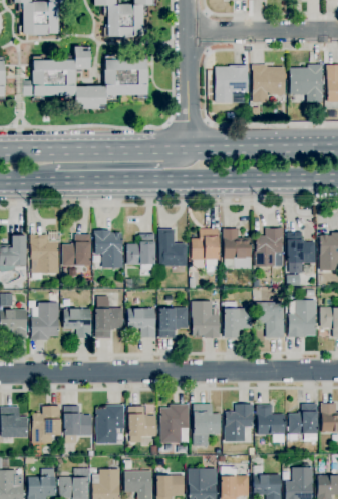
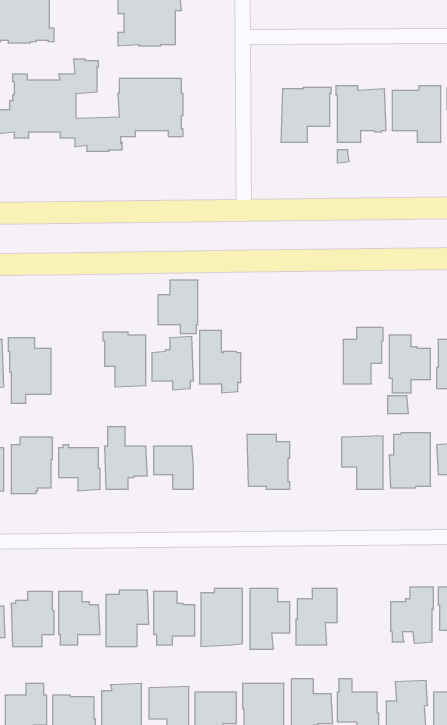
building: [192,228,219,265] -> [158,280,198,333]
building: [223,228,252,268] -> none
building: [63,234,91,265] -> none
building: [222,301,252,337] -> none
building: [160,307,188,337] -> none
building: [257,404,285,441] -> none

